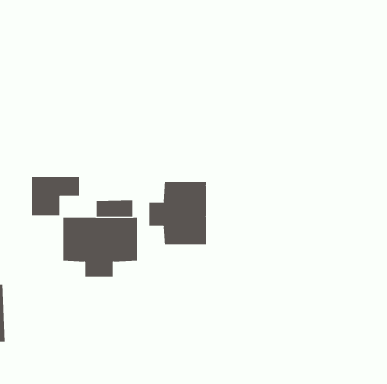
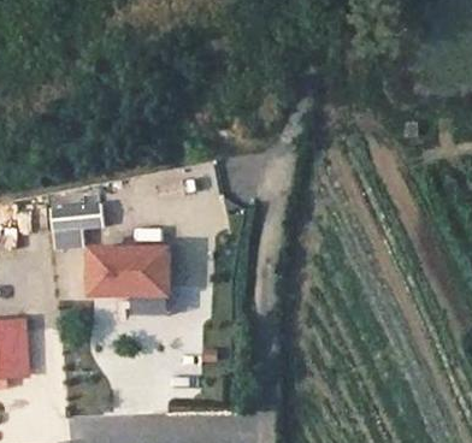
building: [149,181,206,245] -> none

